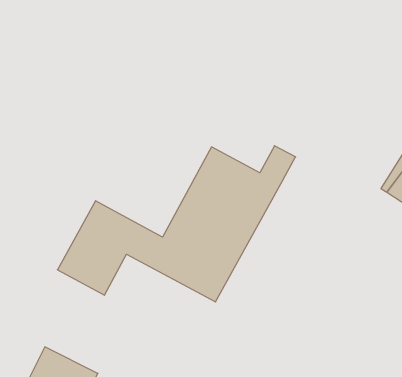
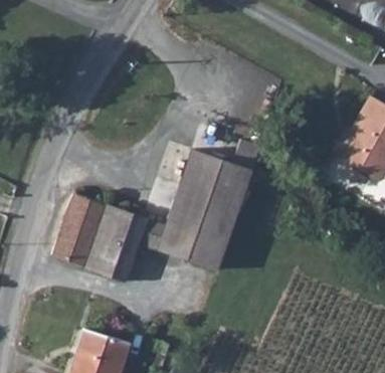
building: none -> [54,194,108,265]

